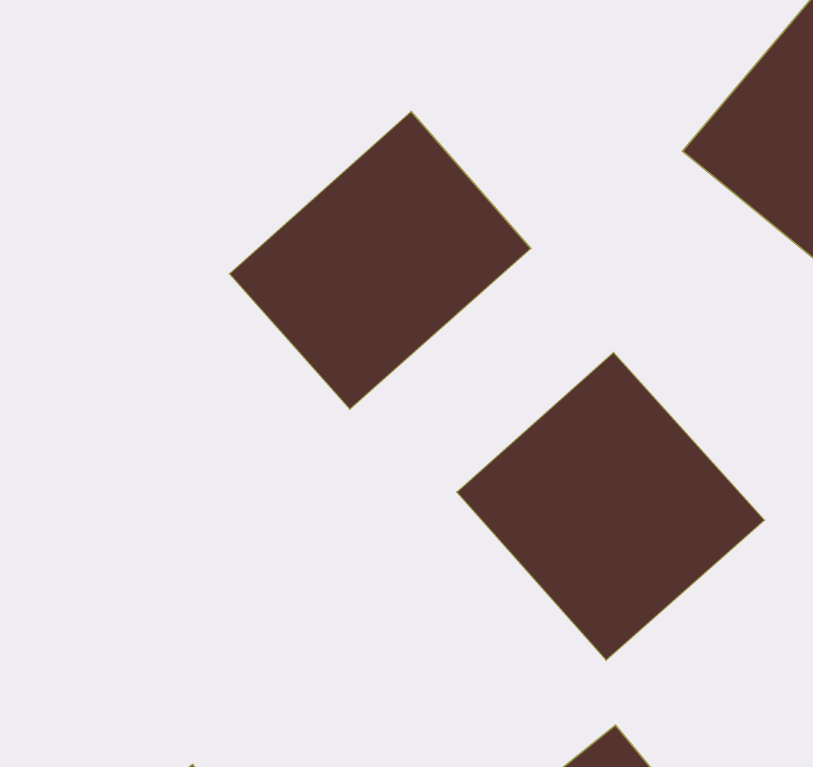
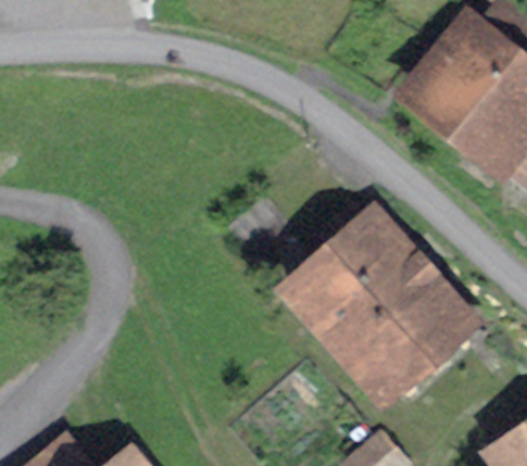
building: [230,111,531,409] -> none

